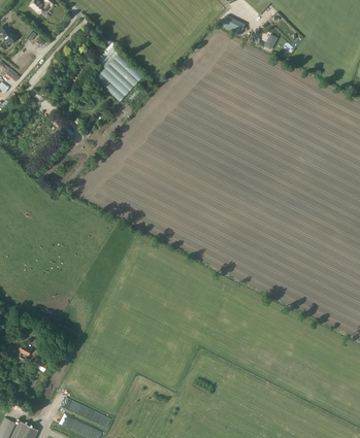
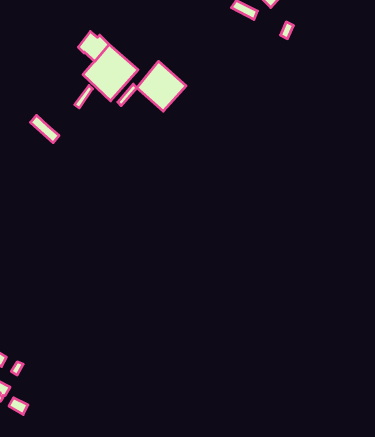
building: none -> [137,61,186,111]

